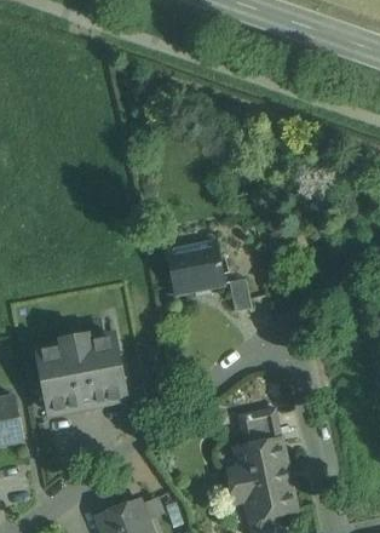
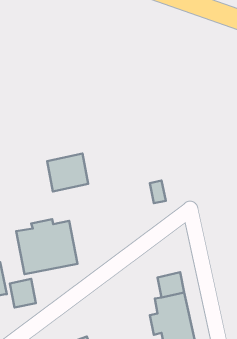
building: [166,241,225,296] -> [47,154,88,191]
building: none -> [10,279,36,308]

